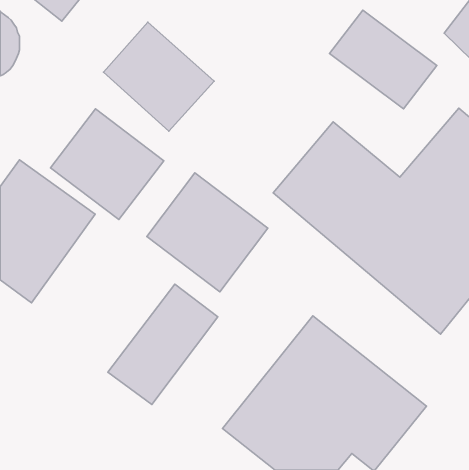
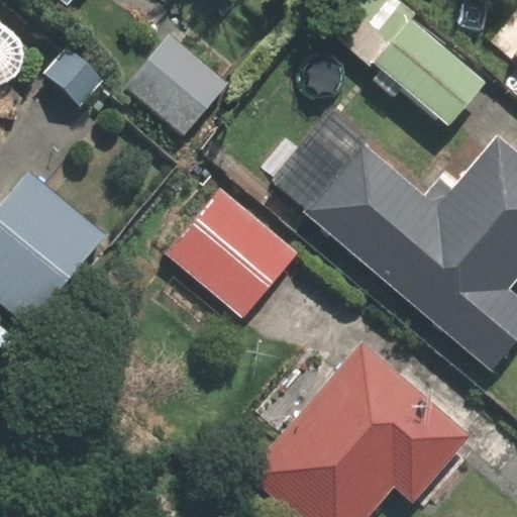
building: [51,109,164,220] -> none
building: [108,284,218,405] -> none

